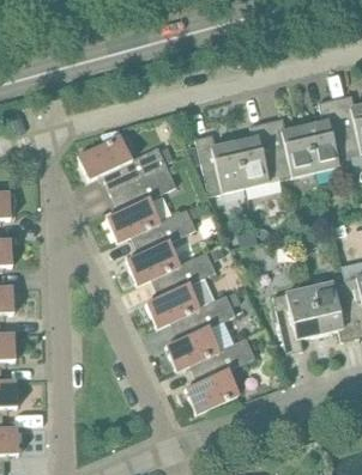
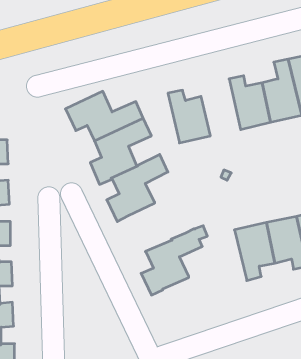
building: [234,121,279,187] -> none
building: [145,251,216,328] -> none
building: [185,337,255,414] -> none

